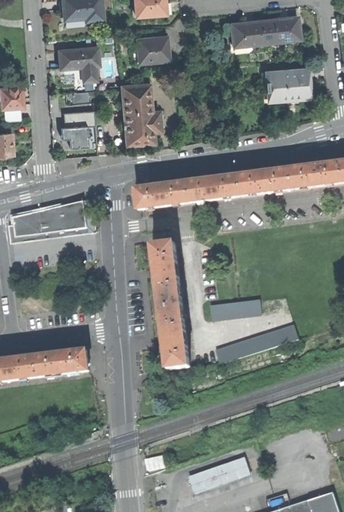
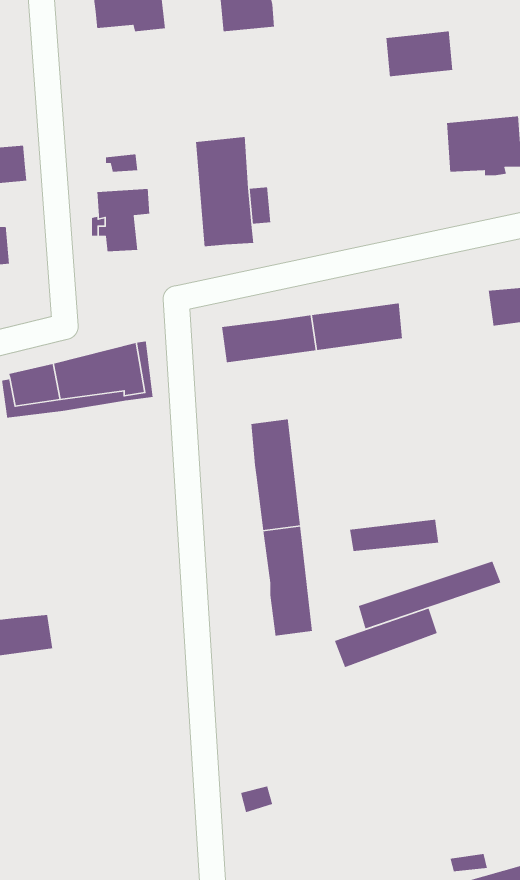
building: [267,15,299,41] -> none
building: [136,34,168,61] -> none
building: [57,44,99,79] -> none
building: [238,168,292,196] -> none
building: [35,348,89,375] -> none
building: [188,459,248,494] -> [334,608,438,668]

